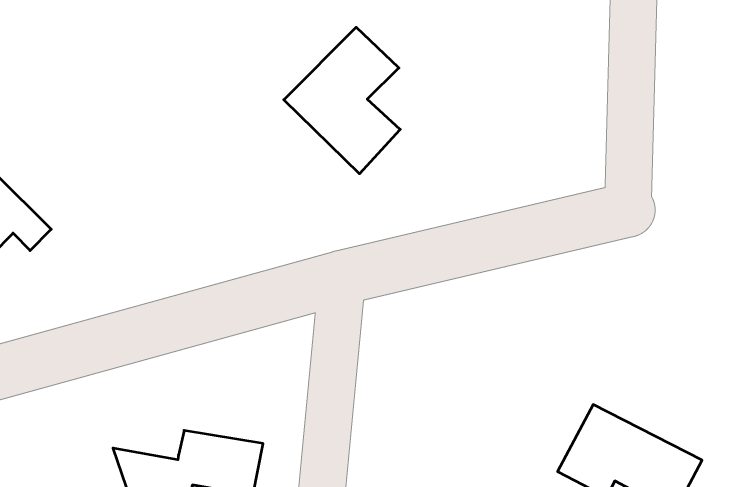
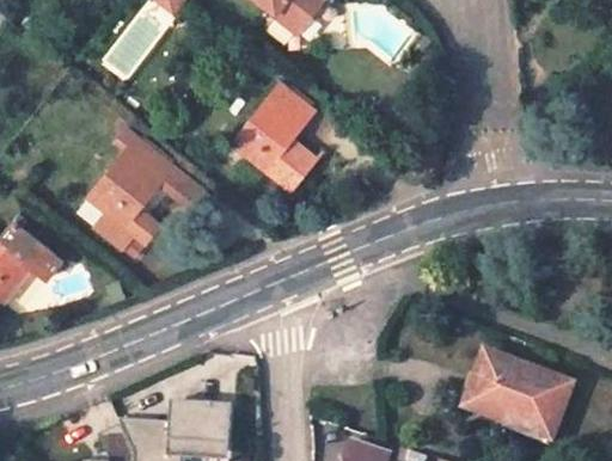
building: none -> [85,128,202,247]

